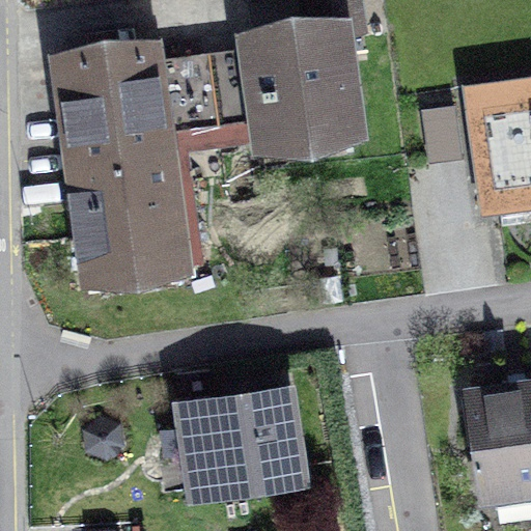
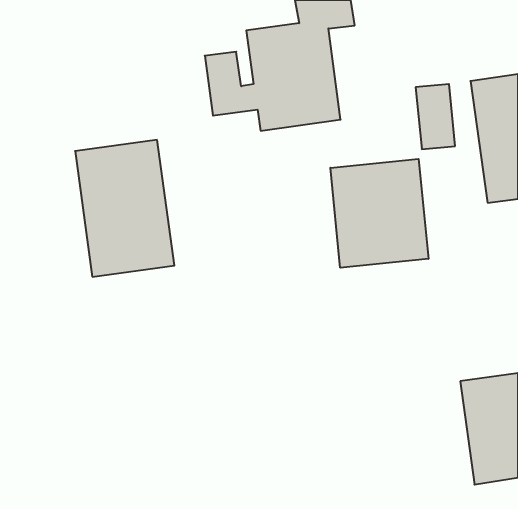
building: [63,54,218,164] -> none
building: none -> [330,159,428,268]
building: [178,400,299,500] -> none

